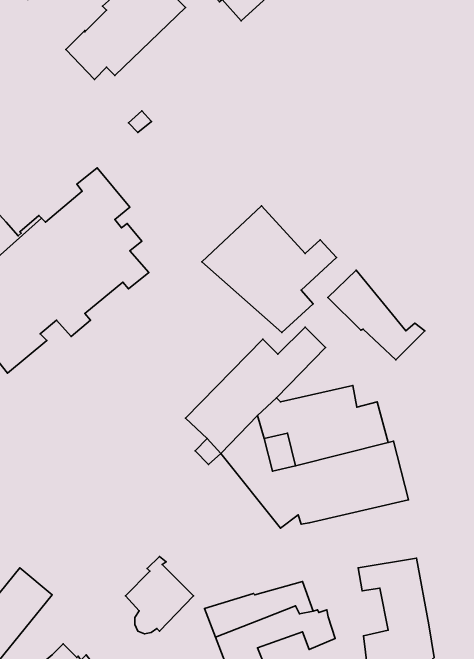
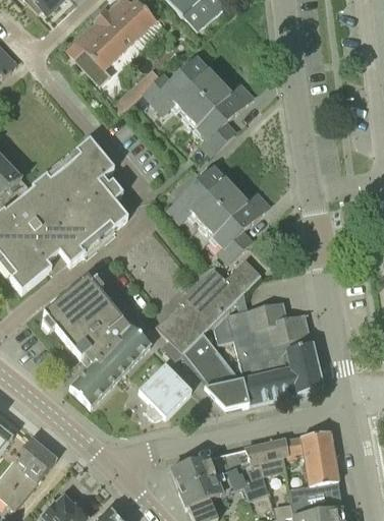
building: none -> [143,58,253,153]
building: [328,270,425,360] -> none
building: none -> [44,276,152,407]
building: [125,556,193,634] -> [141,359,191,417]
building: none -> [244,438,289,474]

